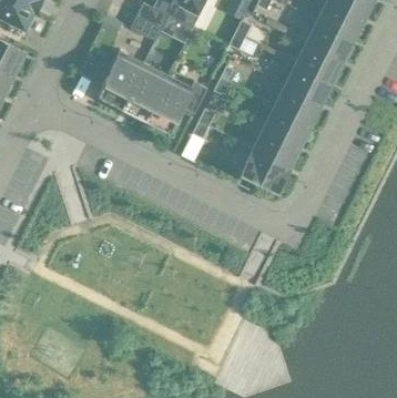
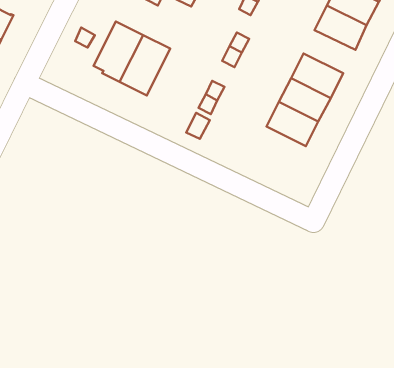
building: [286,63,333,102] -> none
building: [145,80,207,132] -> none
building: [242,150,288,188] -> none

